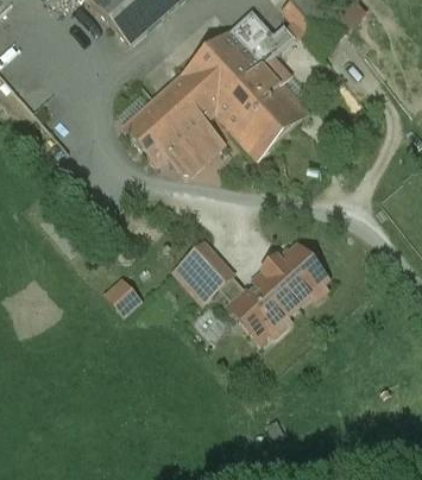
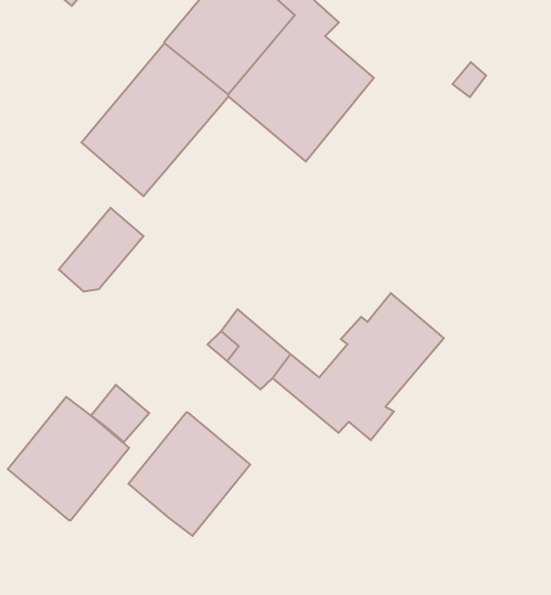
building: [166,121,221,170] -> [59,208,144,291]
building: none -> [8,397,129,520]
building: none -> [129,412,250,536]

